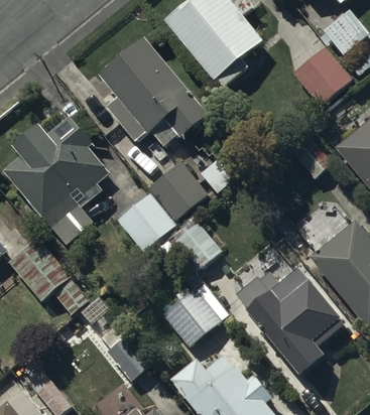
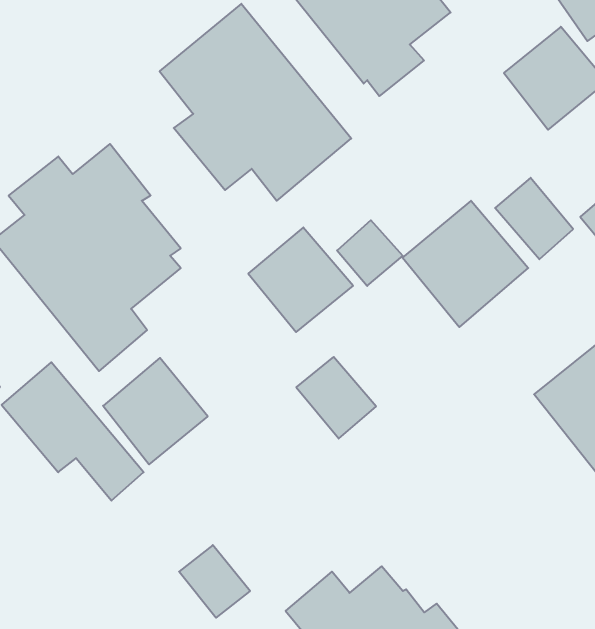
building: none -> [402,201,528,327]
building: [116,192,175,253] -> [103,358,208,464]
building: [236,266,340,374] -> none
building: [161,282,228,348] -> none

